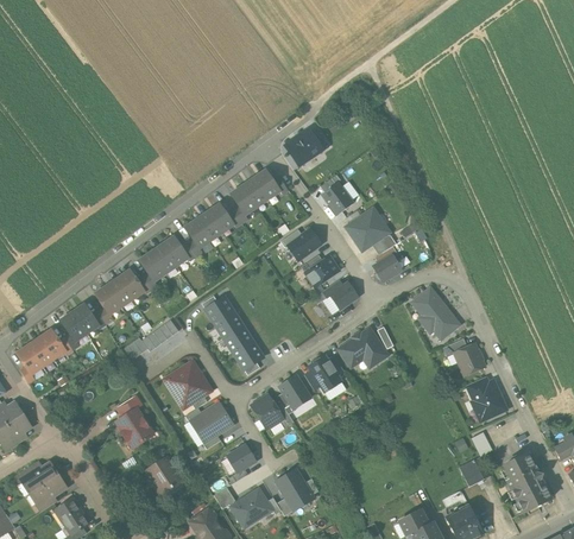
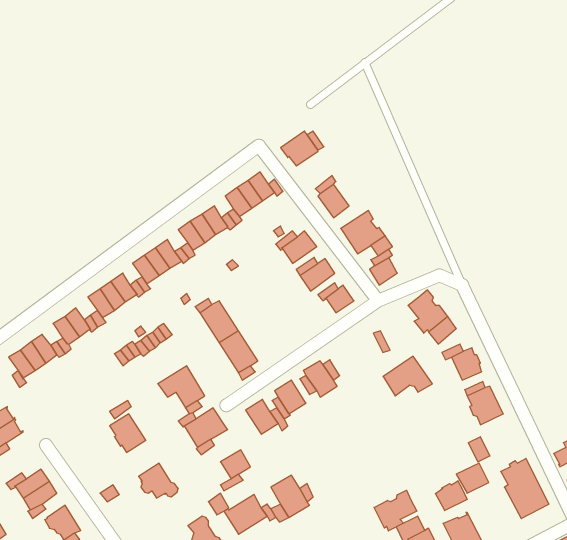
building: [339,328,387,367] -> [383,356,432,396]
building: none -> [435,481,467,511]
building: none -> [374,490,417,531]

